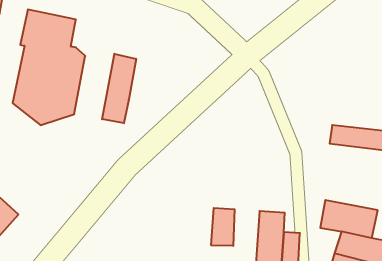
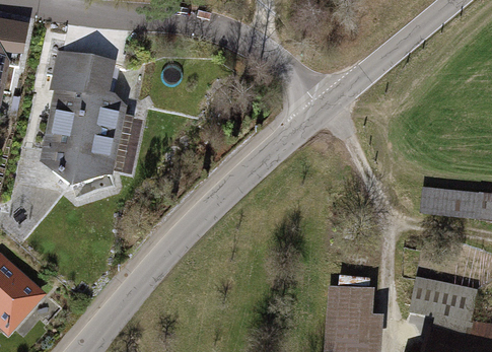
building: [102,54,136,123] -> none
building: [211,208,235,246] -> none

